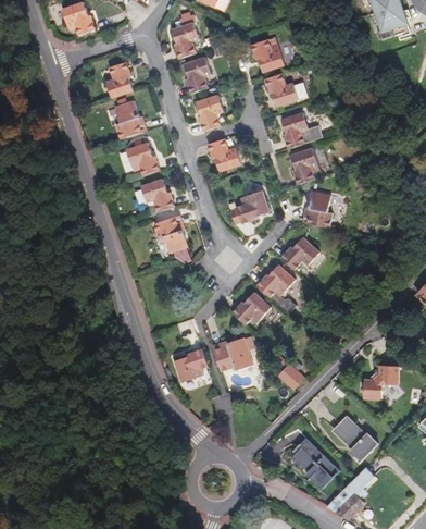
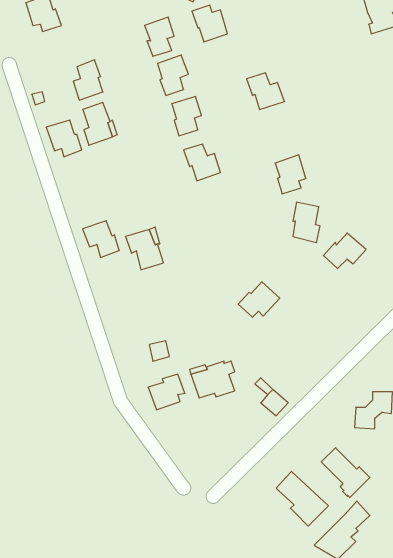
building: [251,38,284,72] -> [192,5,227,42]
building: [280,111,322,147] -> none
building: [126,142,159,175] -> [46,120,82,157]
building: [140,177,174,211] -> [83,221,119,257]
building: [229,189,270,224] -> none
building: [280,236,320,269] -> [323,233,366,269]
building: [231,291,271,323] -> none

